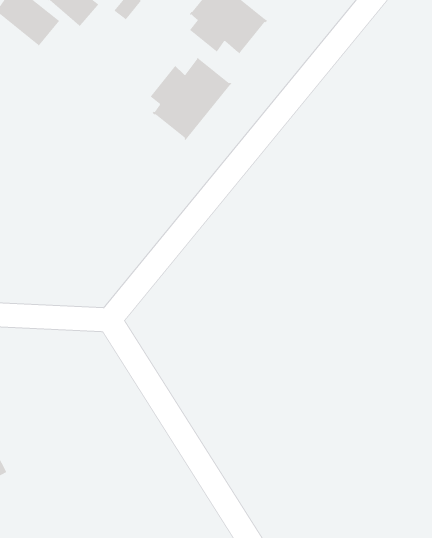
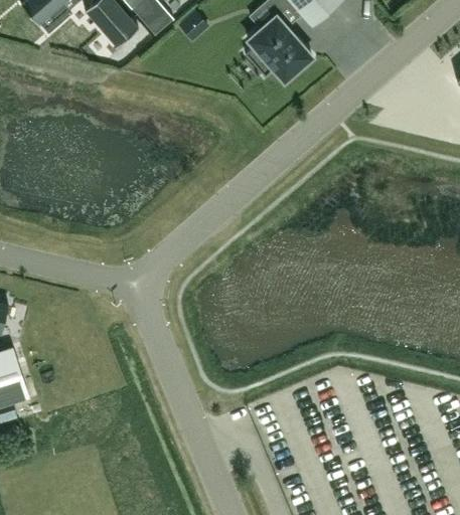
building: [150,57,232,141] -> none

